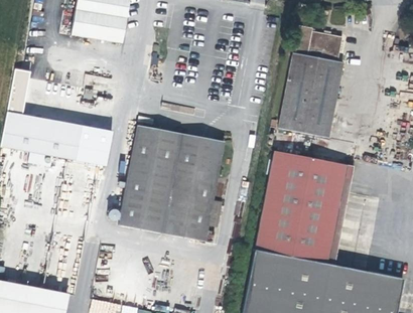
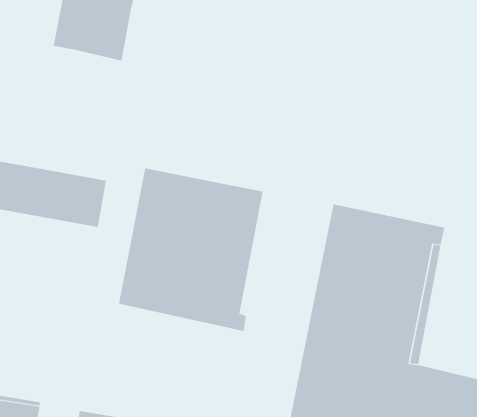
building: [280,21,343,137] -> none

